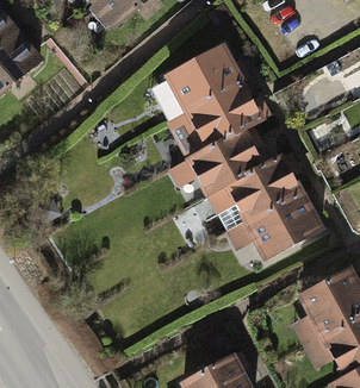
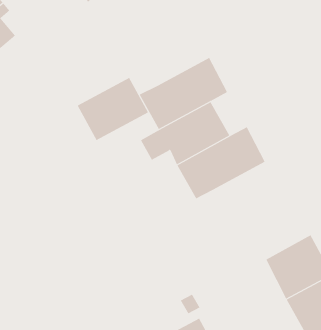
building: [166,46,241,113] -> [77,77,149,141]
building: [244,193,319,258] -> none

